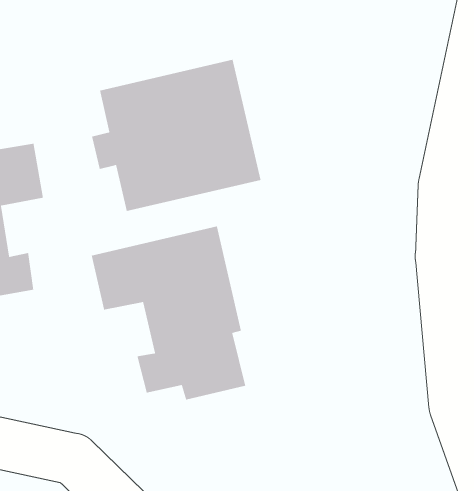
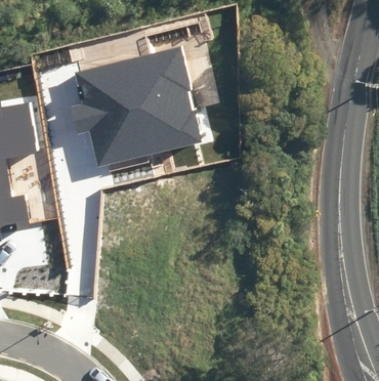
building: [91,226,246,400] -> none

